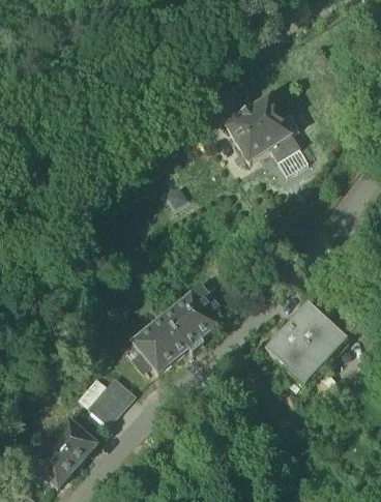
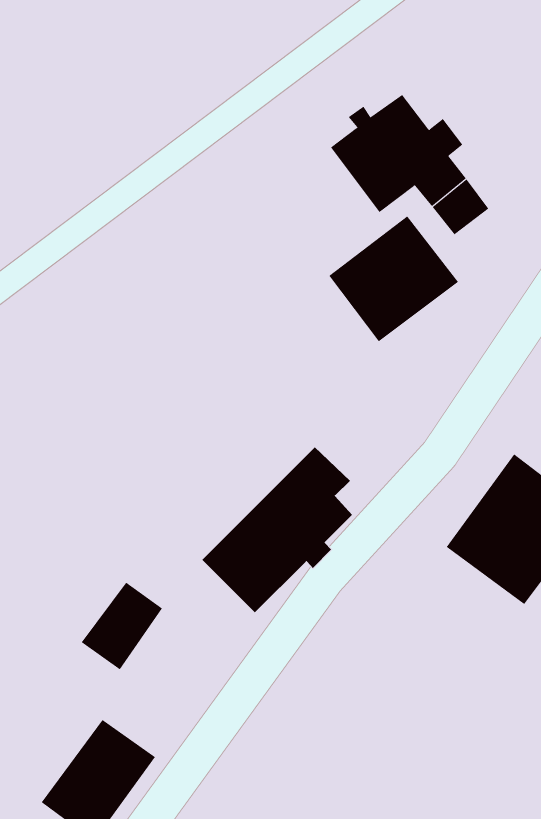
building: none -> [329,215,459,342]
building: [87,376,134,423] -> [81,582,163,670]

